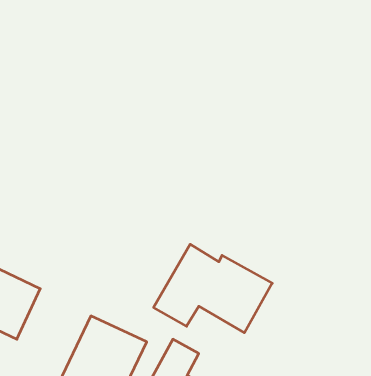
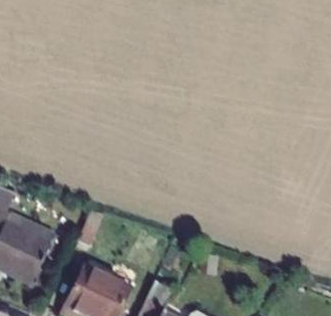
building: [154,244,272,333] -> none

